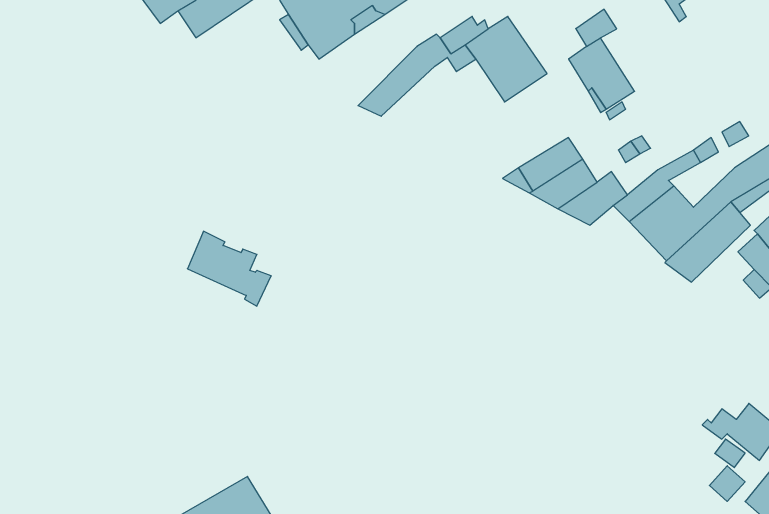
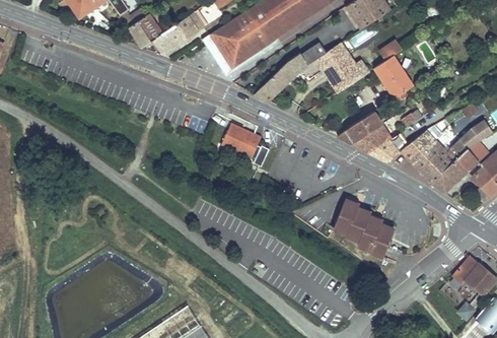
building: [187,231,271,306] -> [222,123,270,165]
building: none -> [335,200,394,257]

